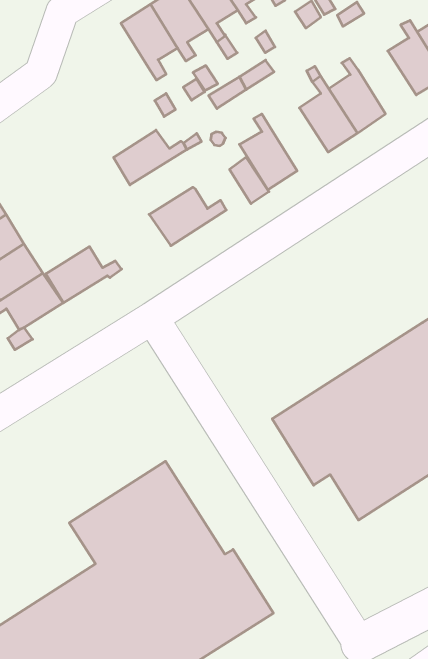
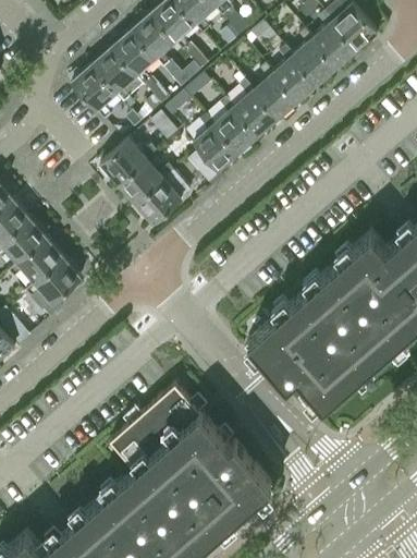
building: none -> [72,64,118,120]
building: none -> [273,47,319,101]
building: none -> [214,98,260,154]
building: [46,247,122,303] -> [119,158,174,203]

